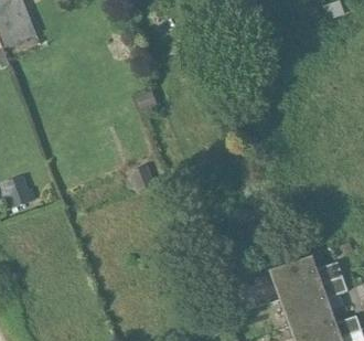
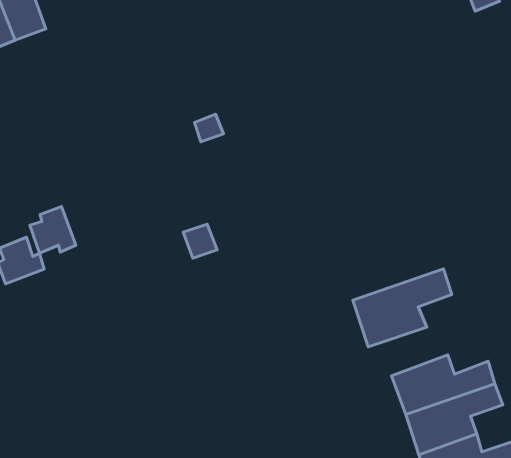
building: none -> [30,207,76,253]
building: none -> [353,269,452,347]

